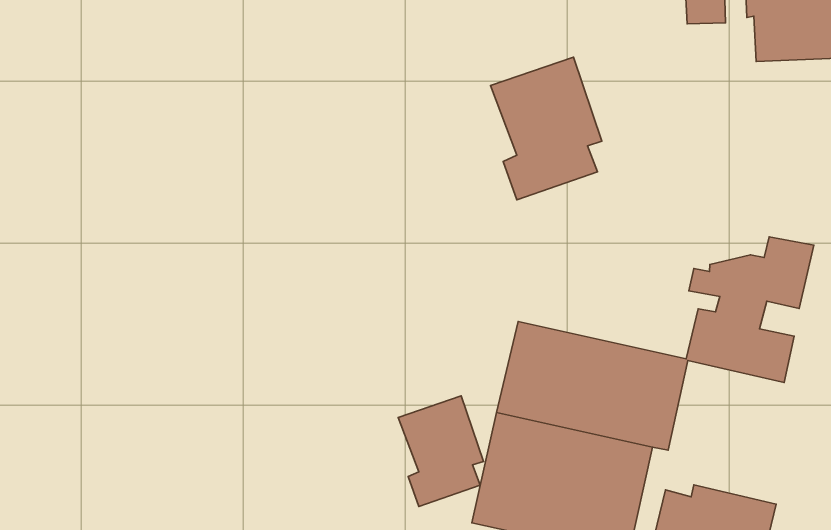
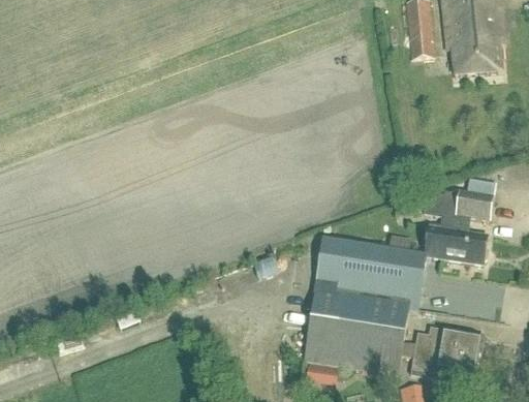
building: [491,57,602,200] -> none
building: [398,396,483,506] -> none

